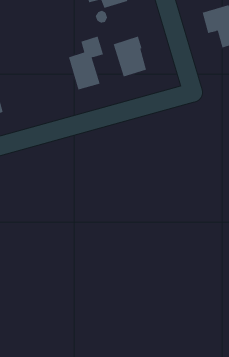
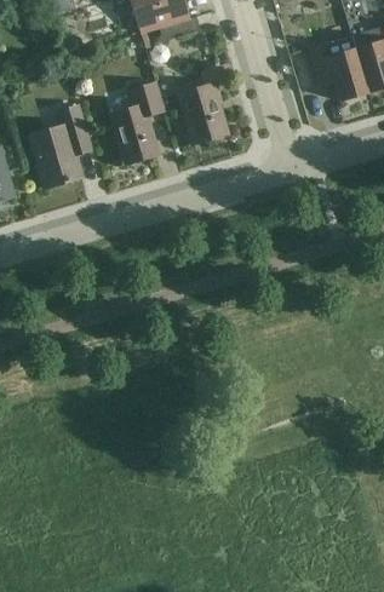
building: none -> [29,104,90,186]

